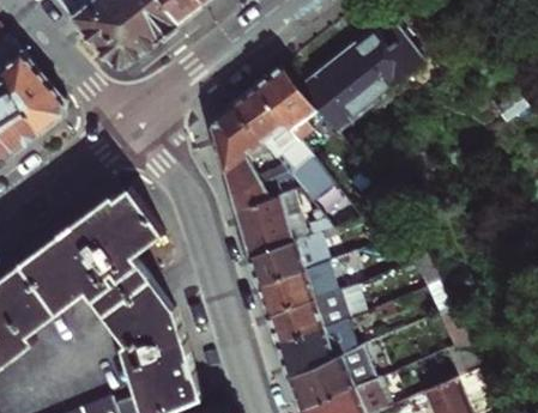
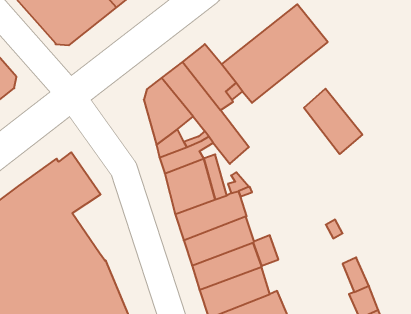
building: none -> [304,89,362,154]

